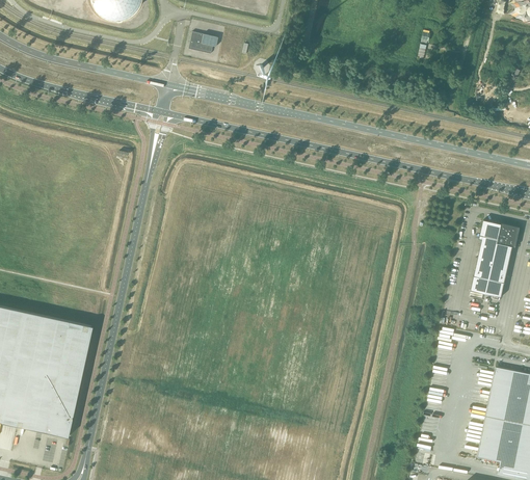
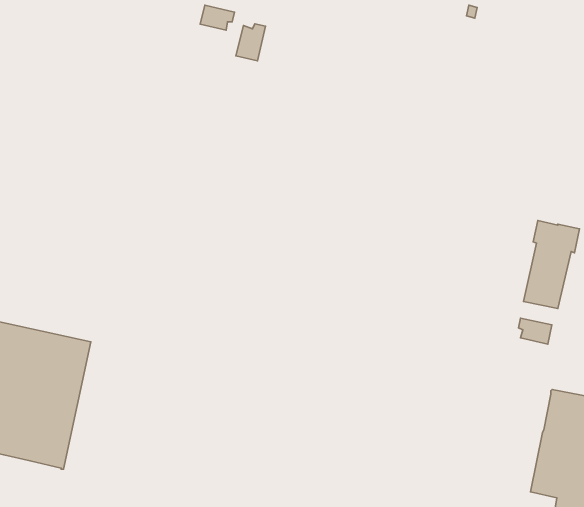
building: none -> [236,24,266,61]
building: none -> [518,318,552,344]

